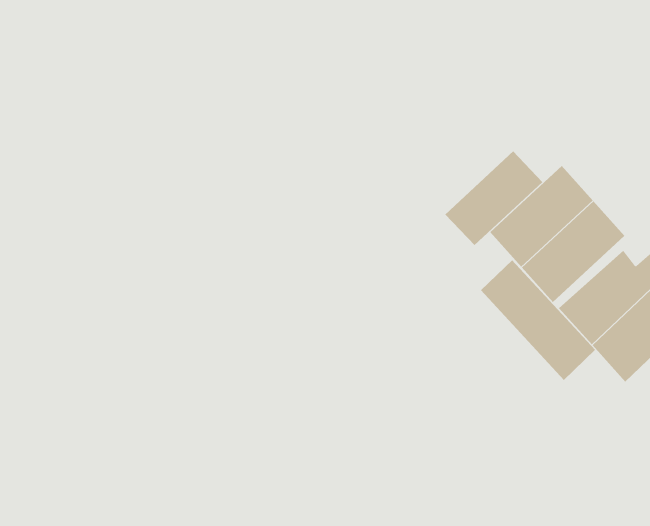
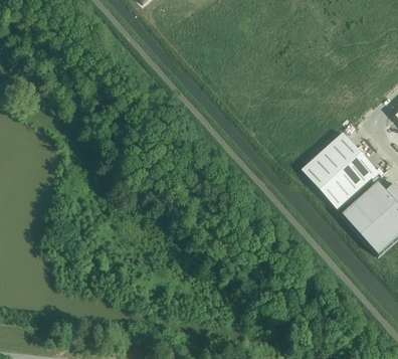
building: [444,151,543,246] -> none
building: [480,259,596,381] -> none

